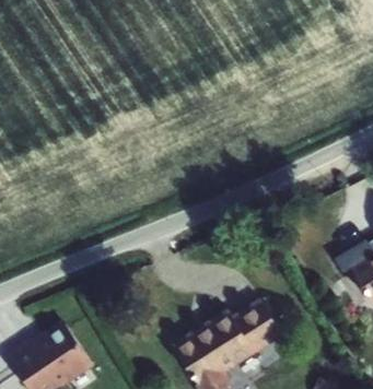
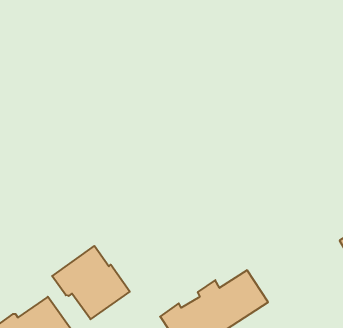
building: none -> [52,246,130,319]

